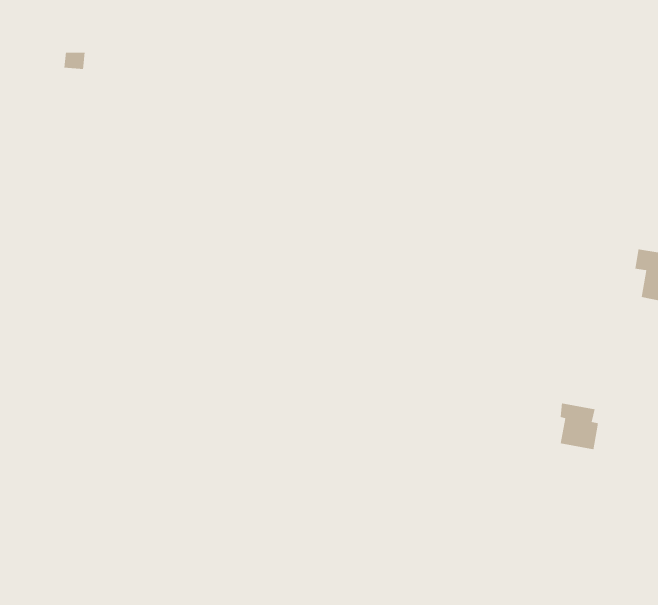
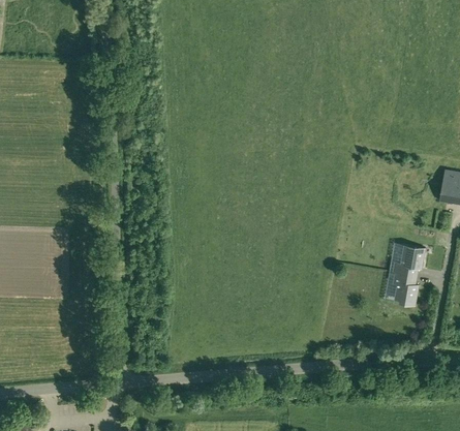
building: none -> [391,247,421,275]

